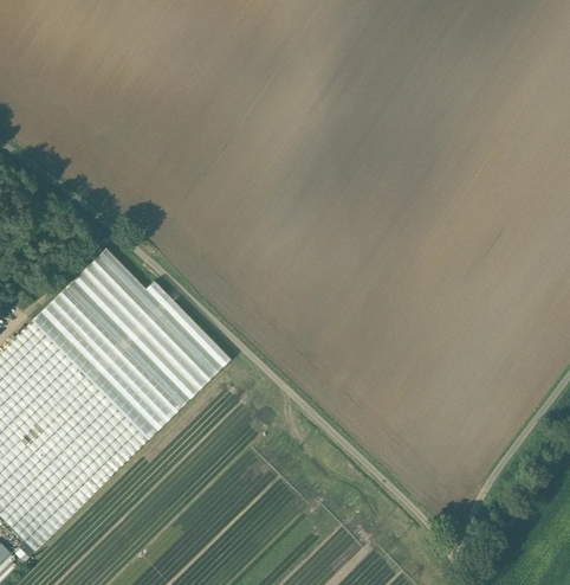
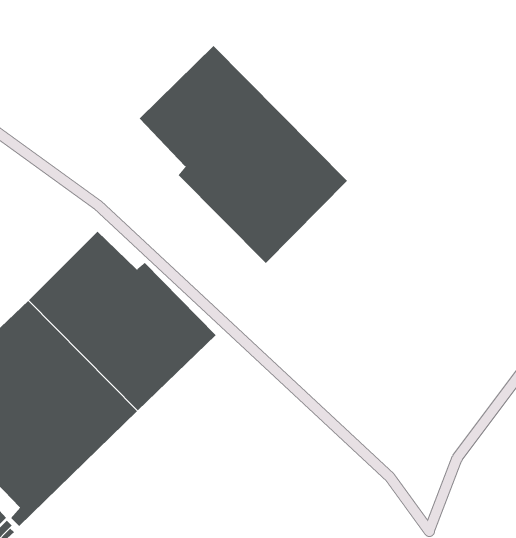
building: none -> [139,45,348,264]

